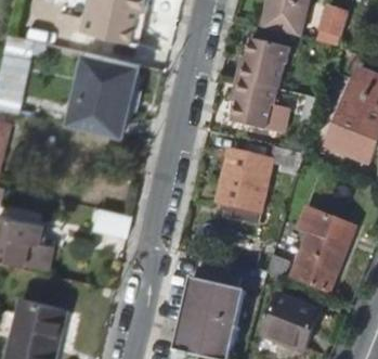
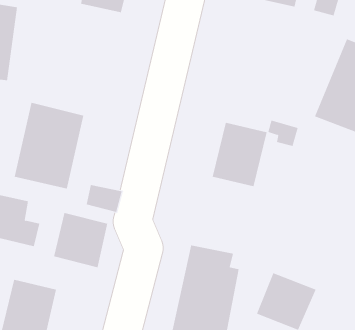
building: [231,39,289,129] -> none
building: [69,53,138,138] -> [14,102,84,189]
building: [290,208,351,292] -> none
building: none -> [53,212,108,268]

